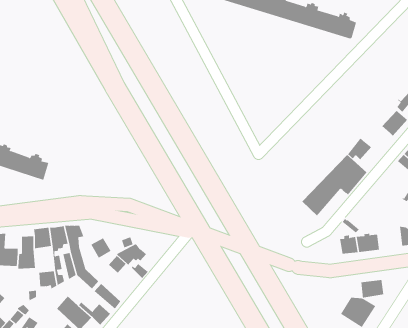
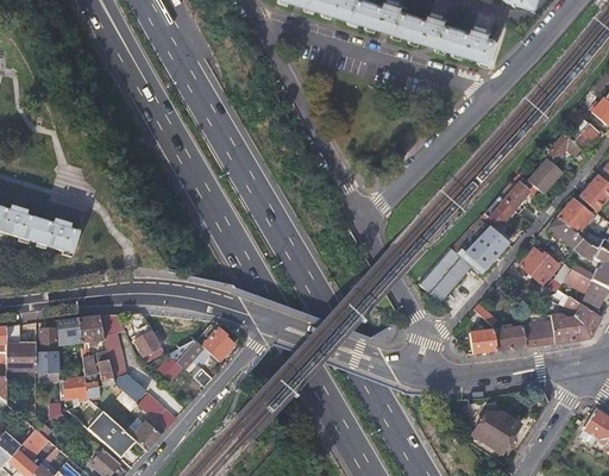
building: none -> [504,173,539,213]
building: none -> [521,248,559,283]
building: none -> [202,326,233,361]
building: [360,280,384,298] -> [523,322,555,347]

